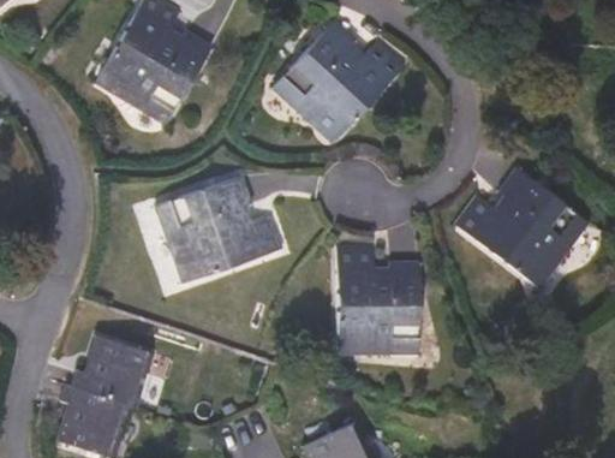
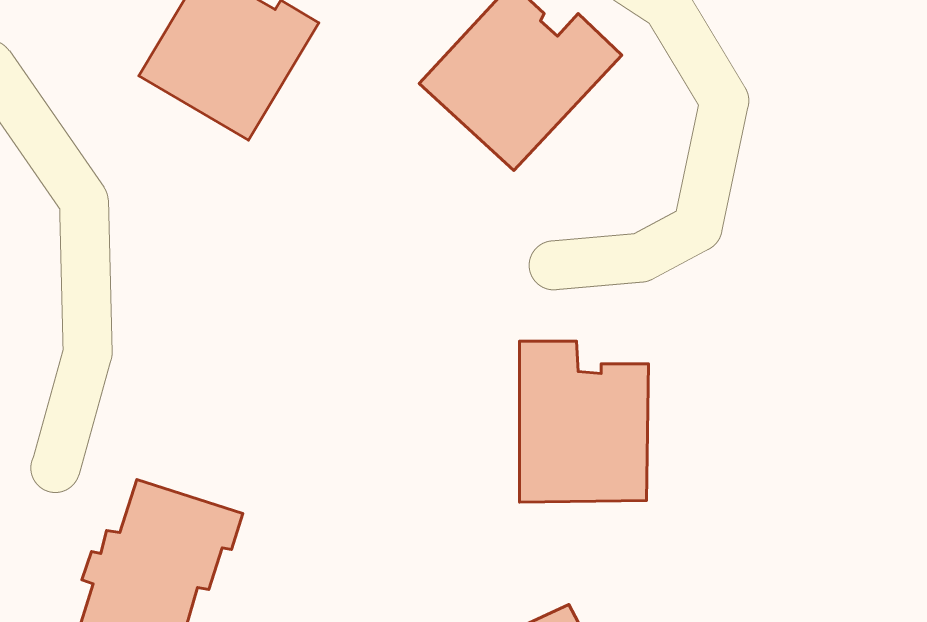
building: [454,169,586,290] -> none
building: [155,178,279,284] -> none

